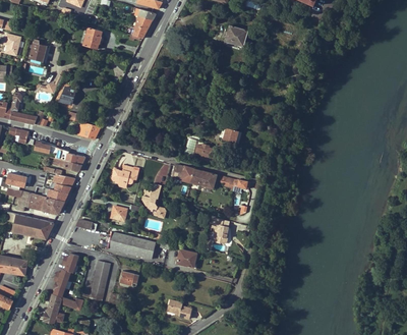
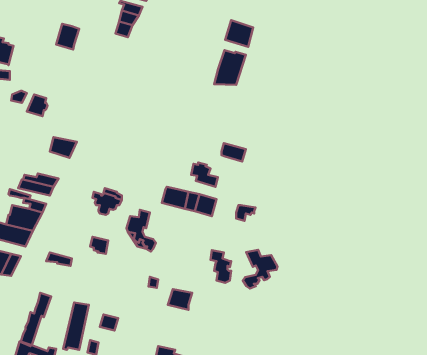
building: none -> [214,50,246,85]
building: none -> [243,250,278,288]
building: [107,231,156,259] -> none

